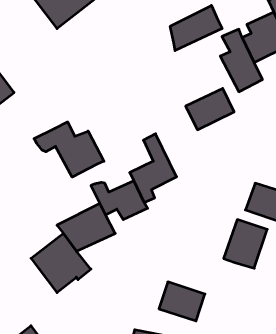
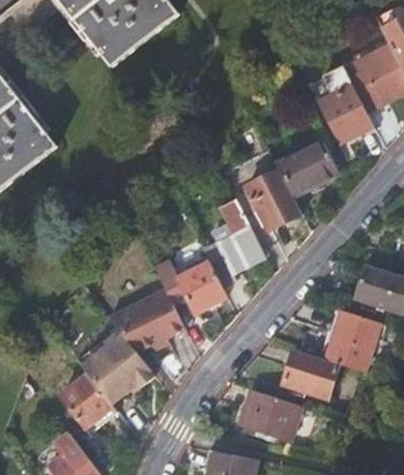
building: [170,5,222,51] -> none
building: none -> [246,170,299,230]
building: [34,122,104,177] -> none
building: none -> [282,351,338,398]
building: none -> [58,374,116,431]

